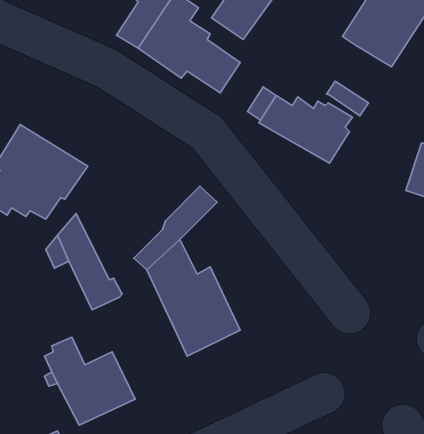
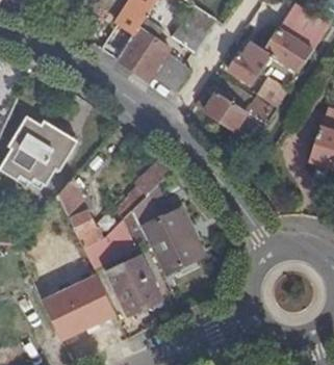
building: none -> [229,42,274,84]
building: none -> [83,218,136,267]
building: none -> [108,258,161,315]

